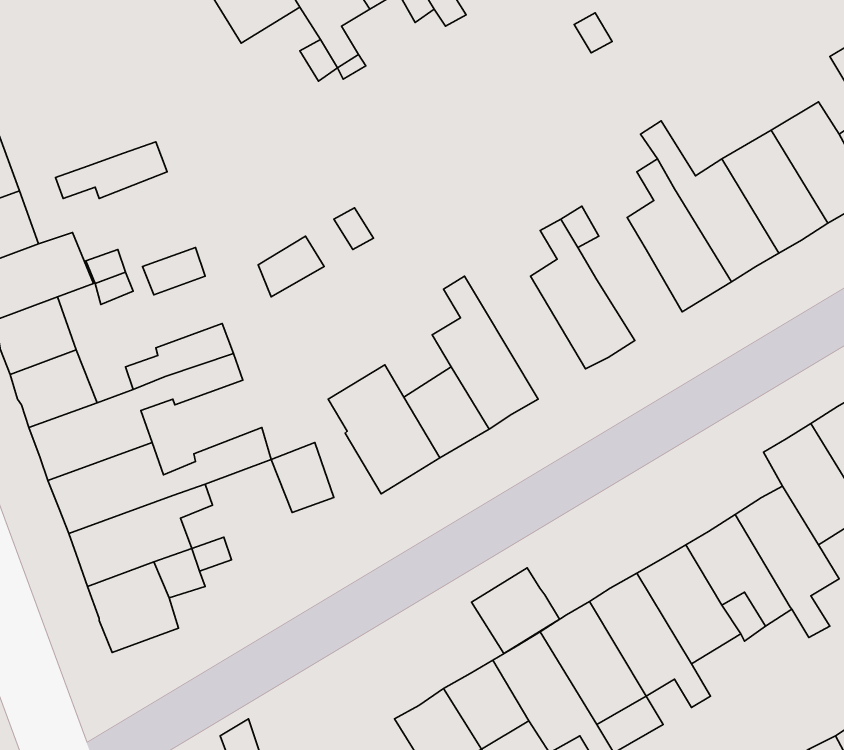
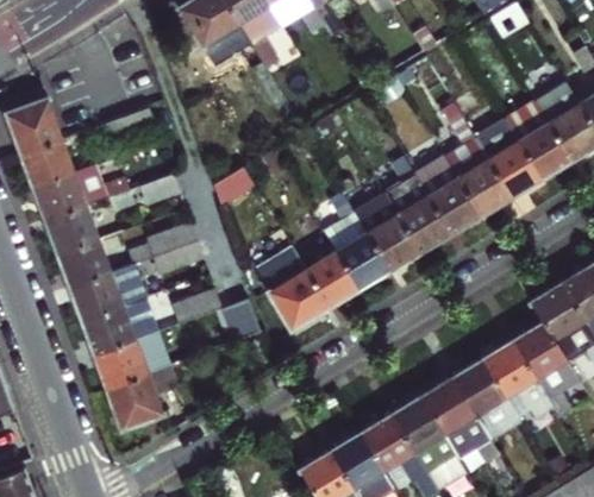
building: none -> [426,175,480,232]
building: none -> [343,184,419,269]
building: [471,568,560,654] -> none

